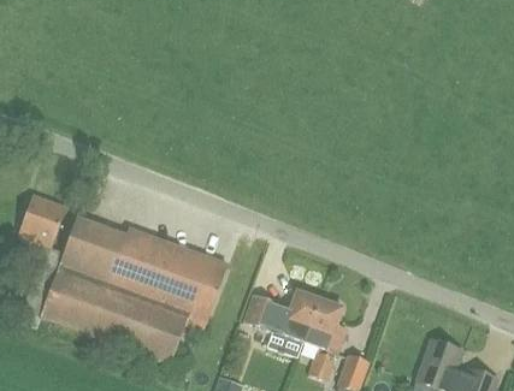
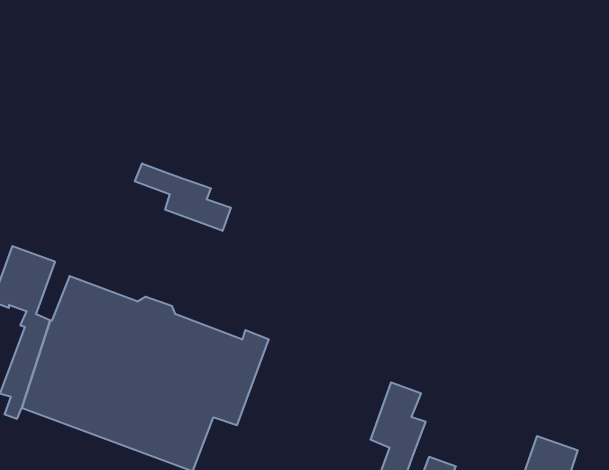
building: none -> [135,163,231,231]
building: [244,289,320,339] -> none

